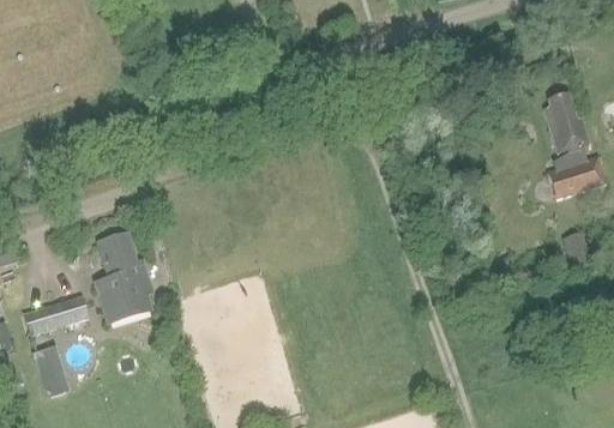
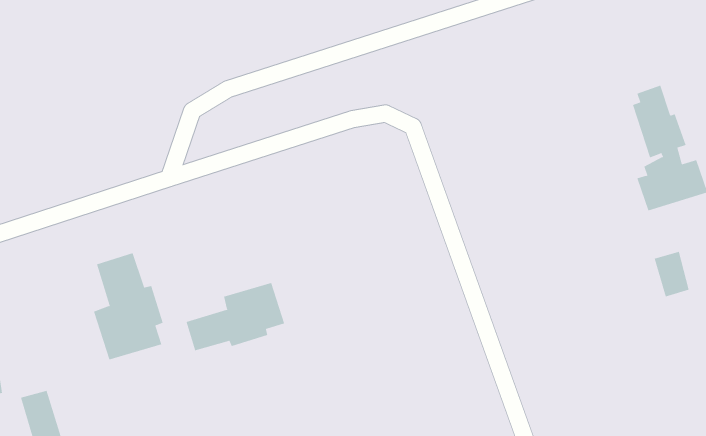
building: none -> [186,282,285,351]
building: [23,294,88,333] -> none

